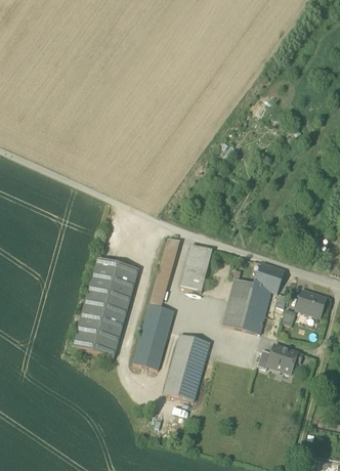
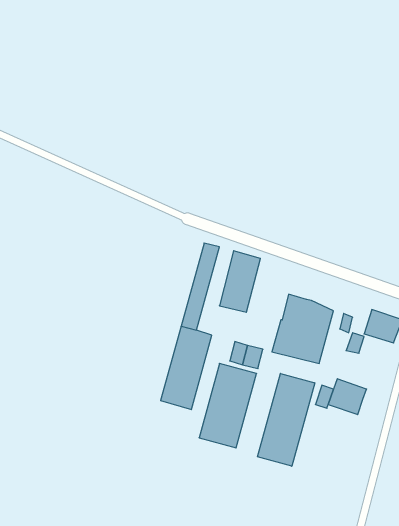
building: [73,257,138,357] -> none
building: [254,262,285,293] -> none
building: none -> [258,373,315,466]

